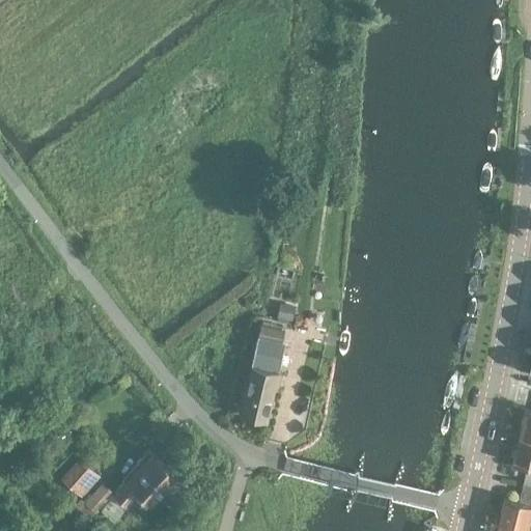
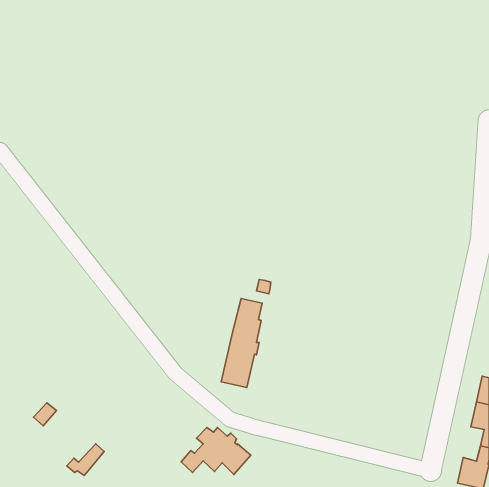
building: [115,458,191,509] -> [181,427,251,474]
building: [62,459,99,497] -> none

